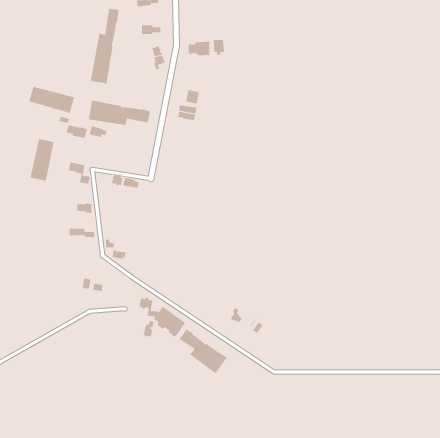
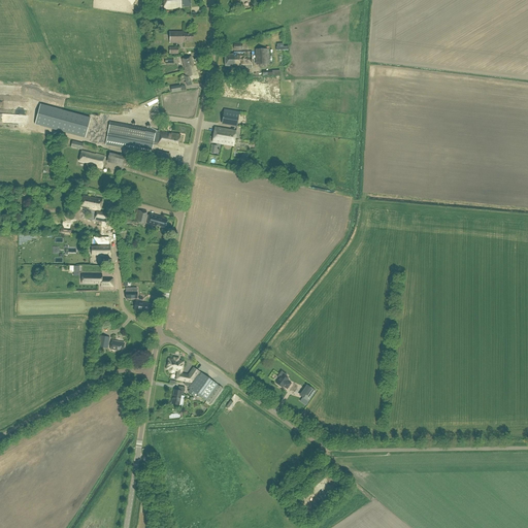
building: [90,8,119,84] -> none
building: [30,138,54,182] -> none
building: [179,329,228,374] -> none

